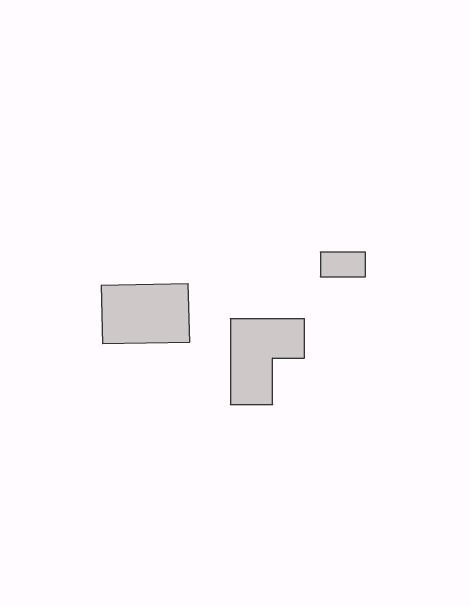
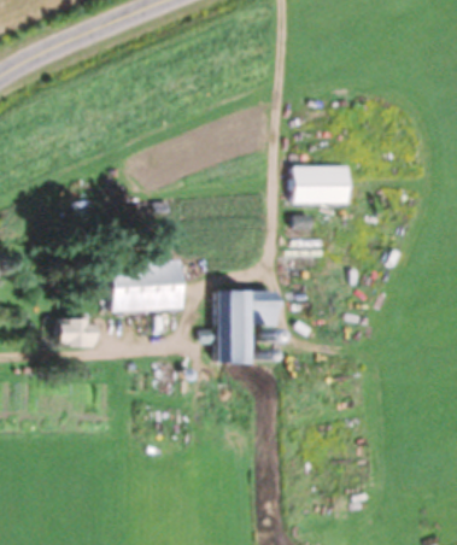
building: none -> [292,165,351,204]
building: none -> [55,320,96,347]

